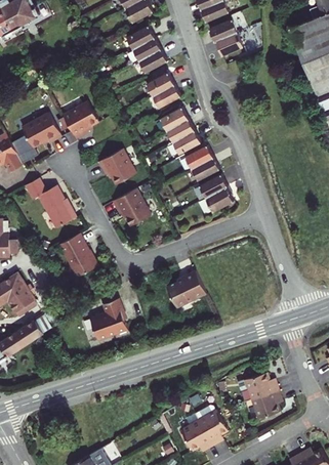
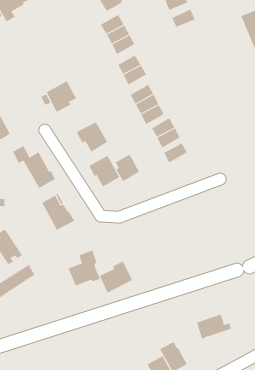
building: [214,32,243,55] -> none
building: [23,113,63,147] -> none
building: [206,185,234,212] -> none
building: none -> [115,154,140,182]
building: [167,269,206,307] -> [99,261,133,293]
building: [251,389,282,419] -> none

